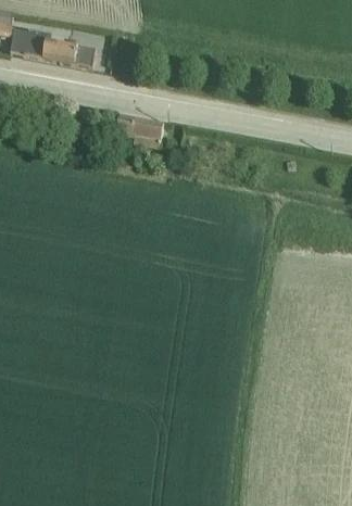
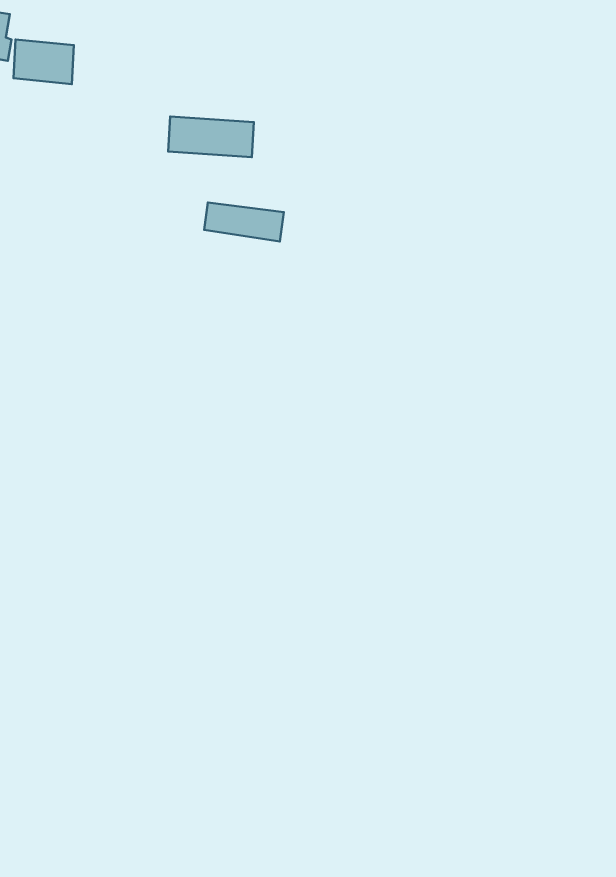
building: [46,39,93,62] -> [168,116,254,157]

